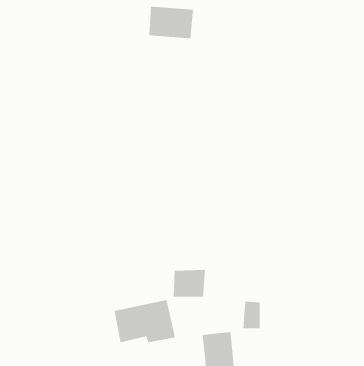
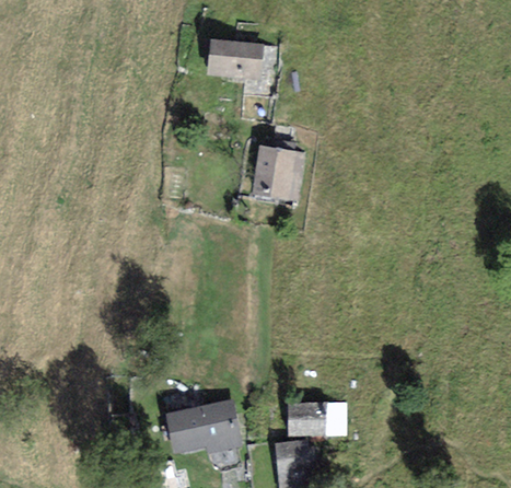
building: none -> [253,146,305,200]
building: [173,270,206,297] -> [287,402,327,435]

